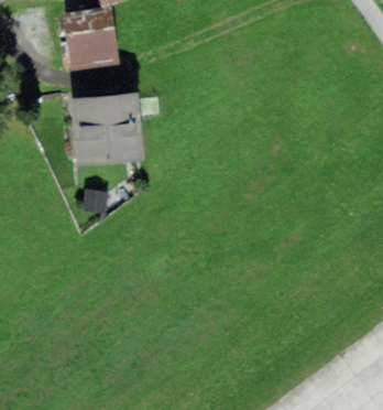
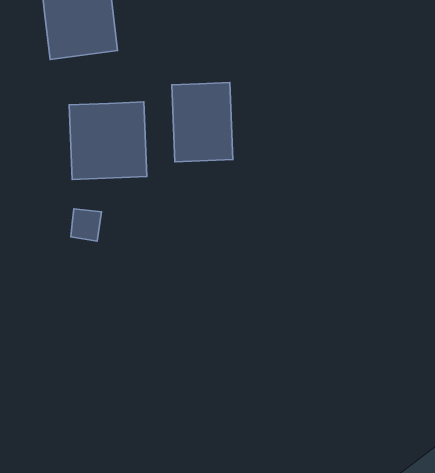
building: none -> [172,83,233,162]

